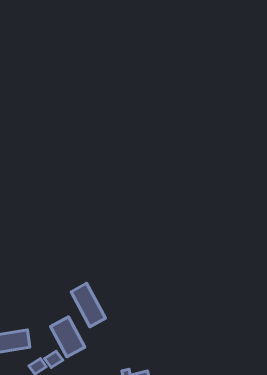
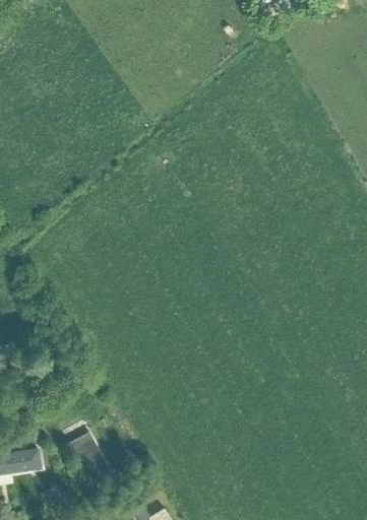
building: [71,283,106,327] -> none

